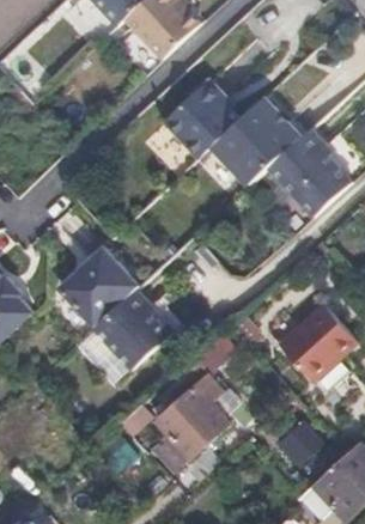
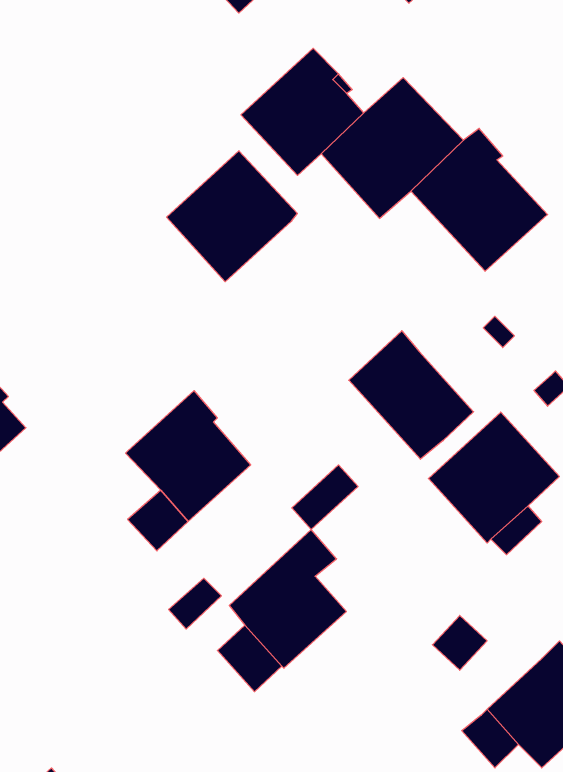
building: [59,245,139,325] -> [167,151,297,282]
building: none -> [349,331,474,459]

